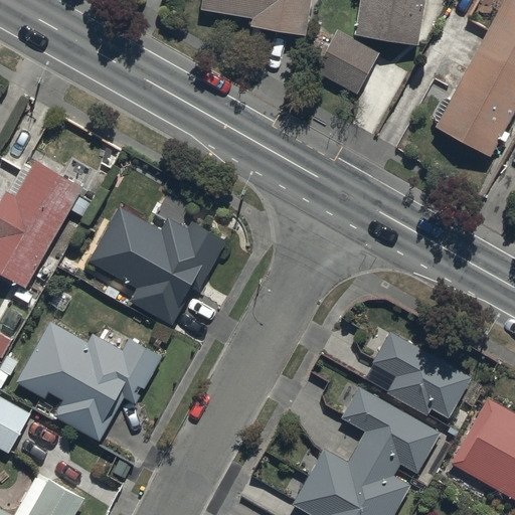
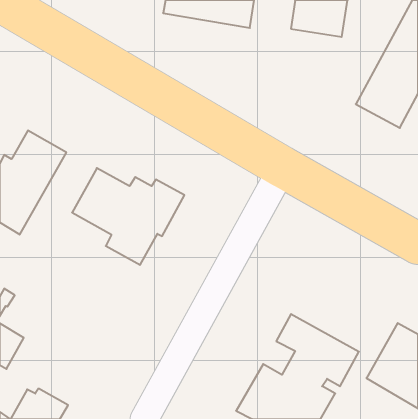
building: [316,30,381,96] -> none
building: [16,321,161,441] -> none
building: [371,329,473,418] -> none

